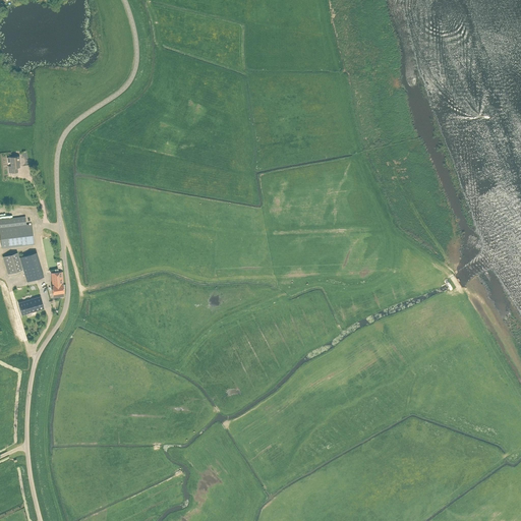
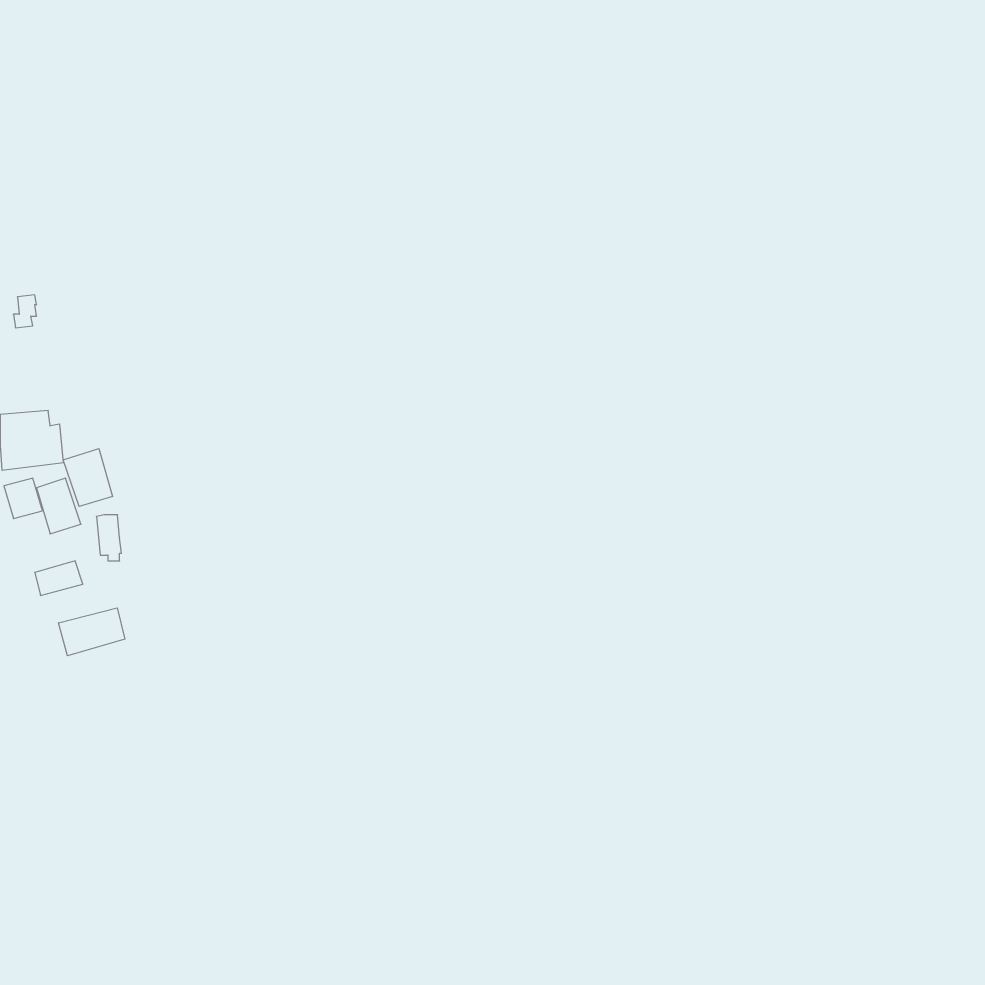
building: none -> [63,449,113,506]
building: none -> [59,608,125,656]

